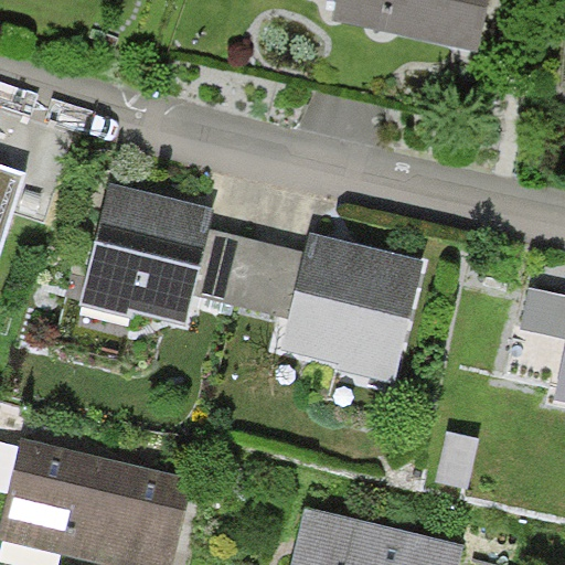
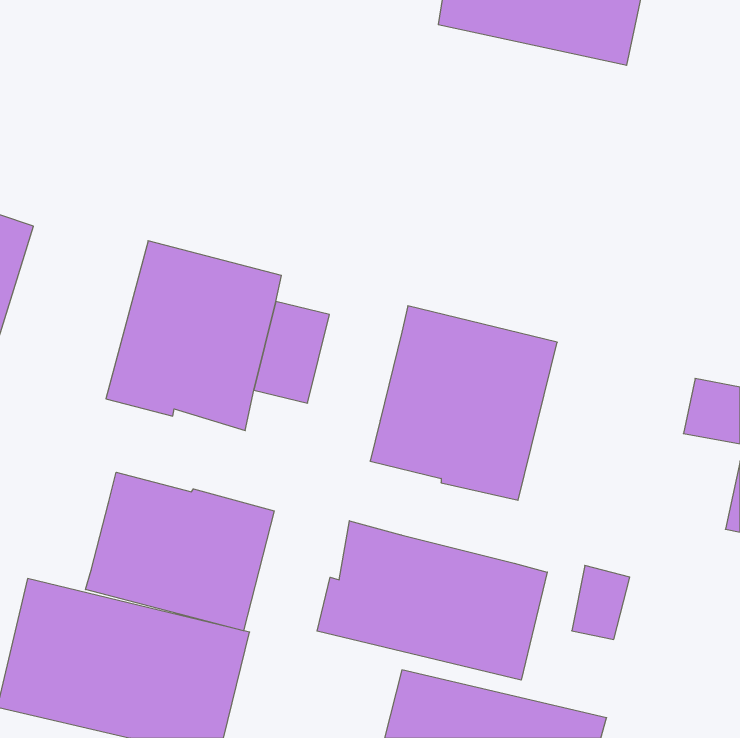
building: [234,239,306,320] -> none
building: none -> [86,472,274,631]
building: none -> [317,521,547,680]

